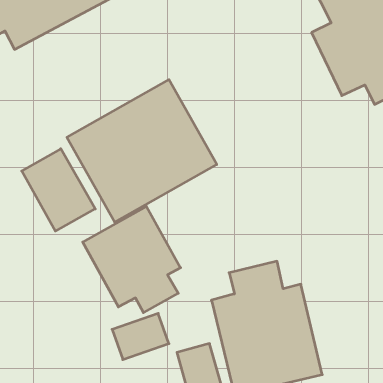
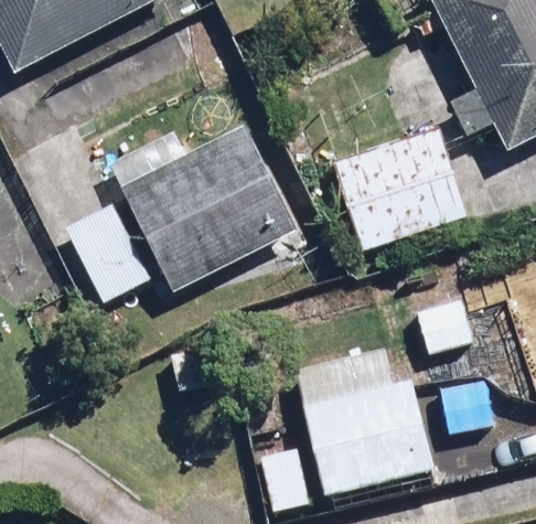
building: none -> [339,127,465,246]
building: [83,206,181,313] -> none

